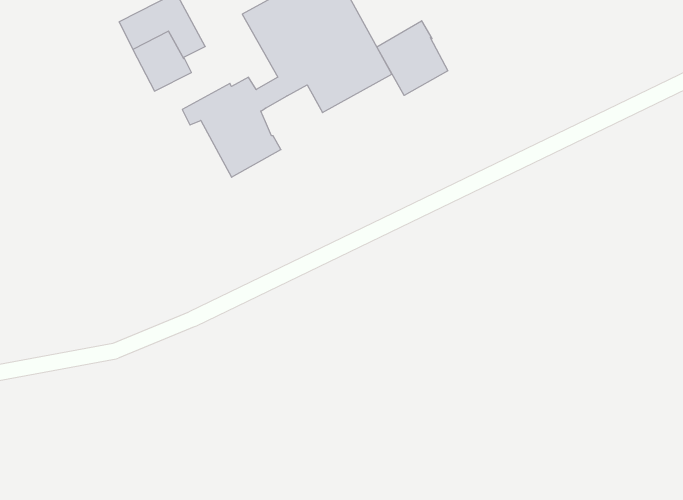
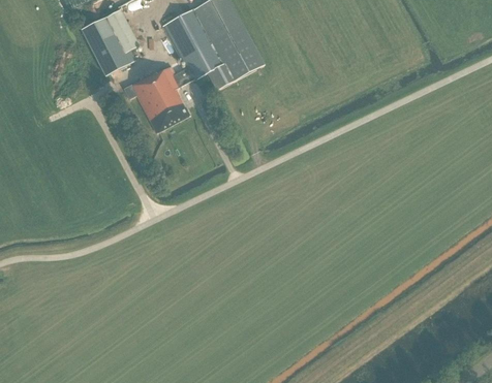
building: [377,21,448,95] -> none

